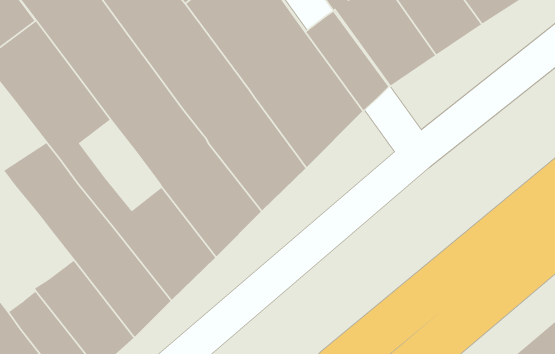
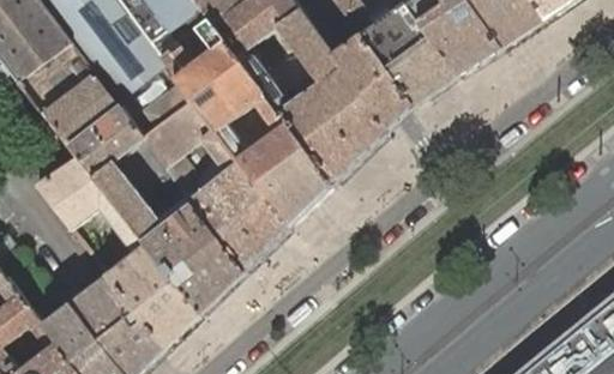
building: none -> [114,139,169,195]

